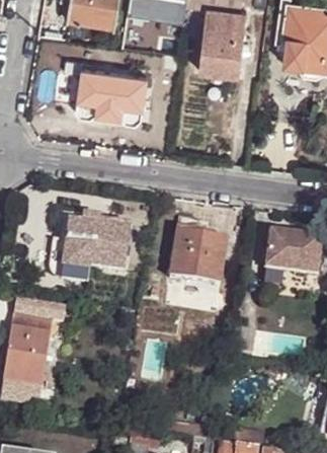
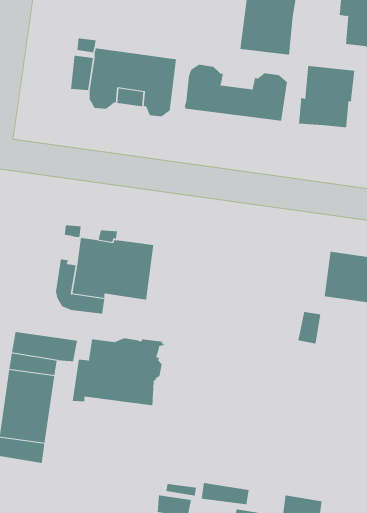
building: none -> [185,64,288,121]
building: none -> [298,65,355,128]
building: [169,229,227,286] -> none
building: none -> [72,338,165,406]

